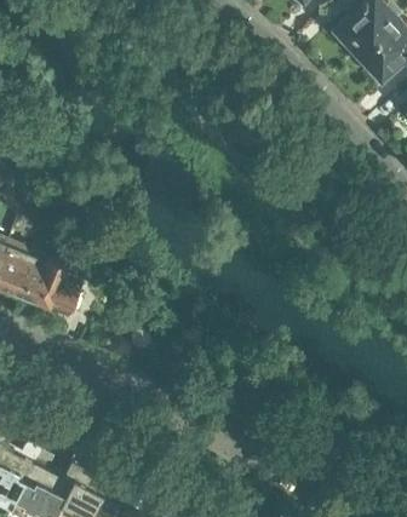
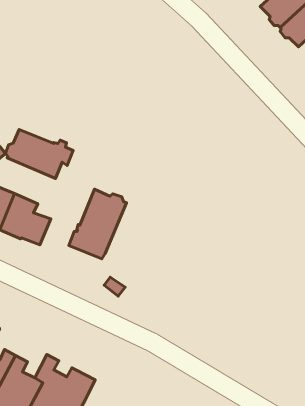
building: none -> [5,130,73,178]
building: none -> [69,189,126,259]

